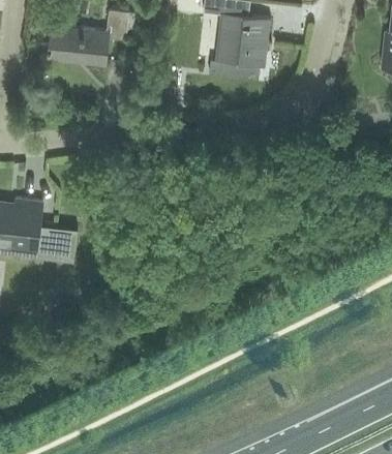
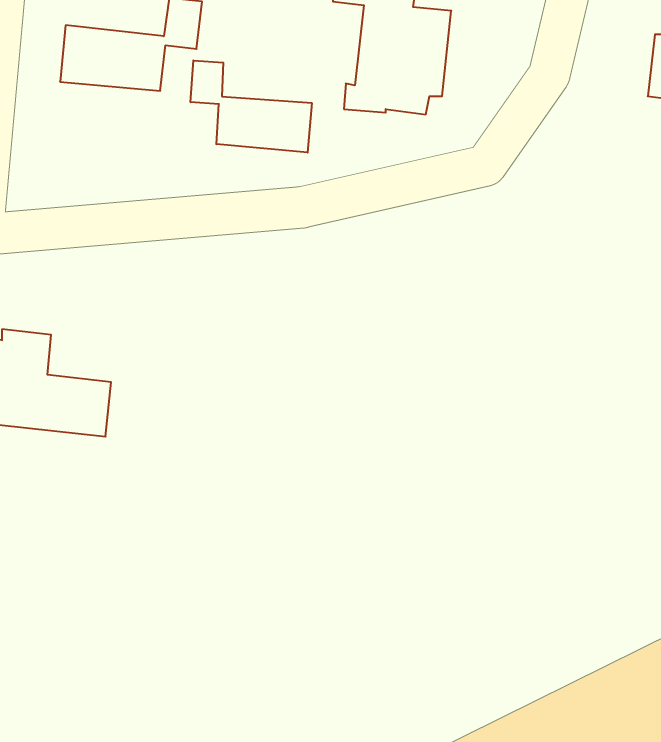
building: none -> [191,60,312,153]

